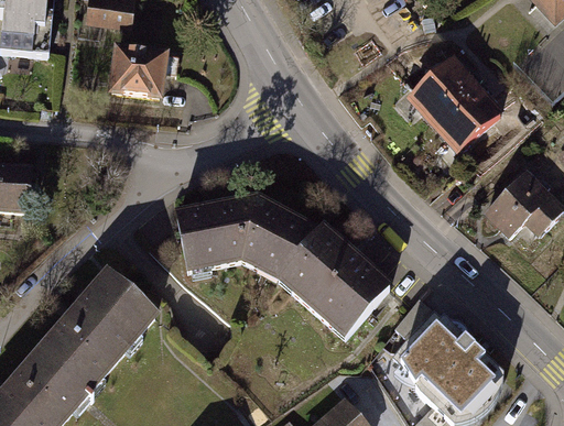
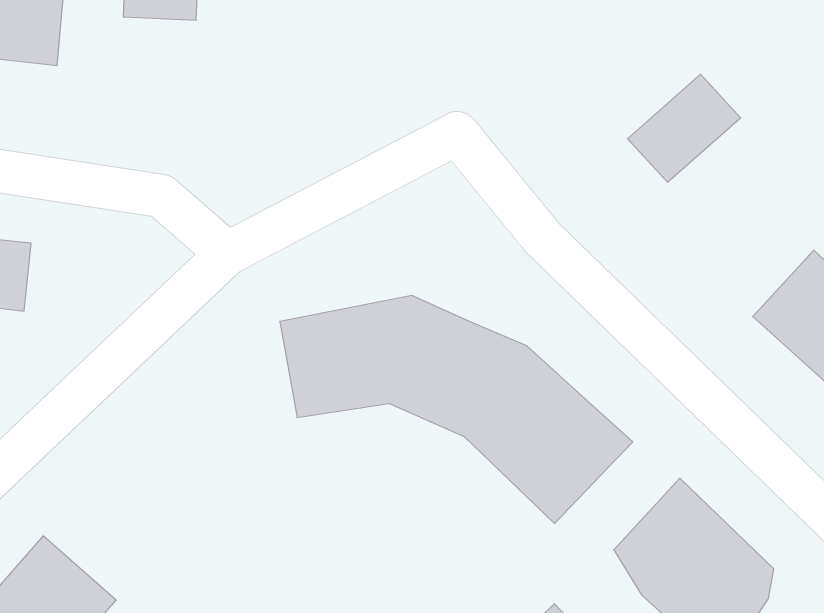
building: [106,44,160,94] -> none
building: [430,86,500,154] -> none
building: [34,272,150,391] -> none

